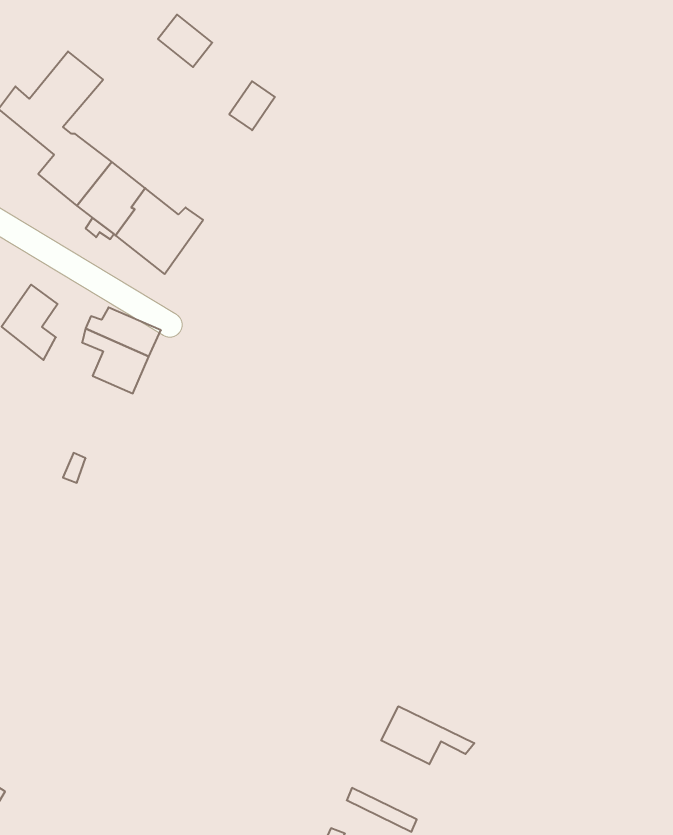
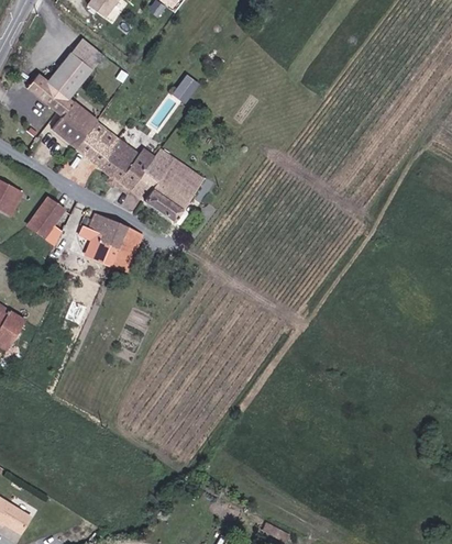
building: [158,15,212,67] -> [70,36,104,69]
building: none -> [131,148,205,221]
building: none -> [111,226,143,273]
building: [381,706,474,764] -> none

